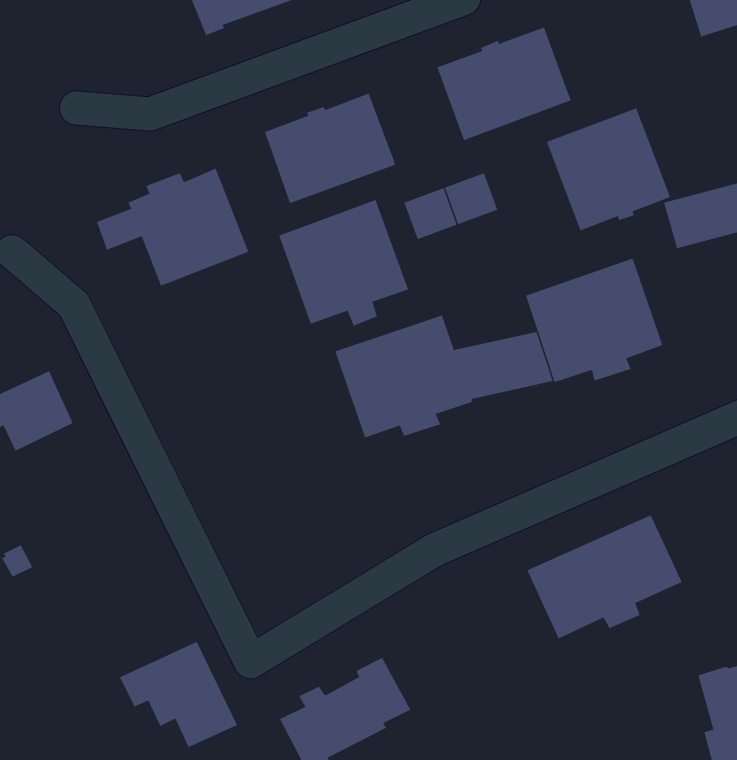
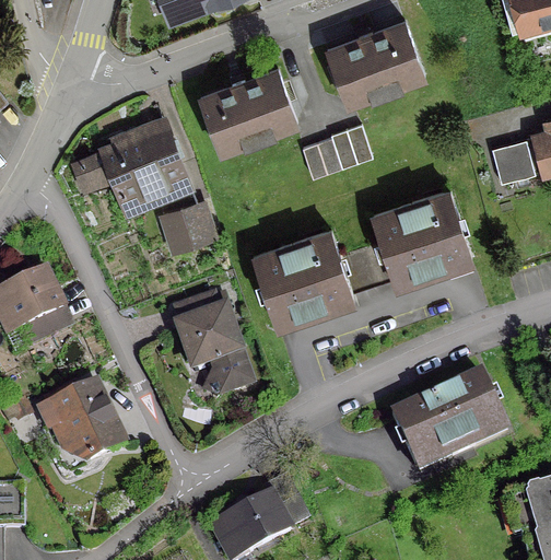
building: [546,107,671,231] -> none
building: [279,199,409,326] -> none
building: none -> [161,202,209,247]
building: none -> [176,293,249,394]
building: [119,641,238,748] -> [37,382,124,459]

